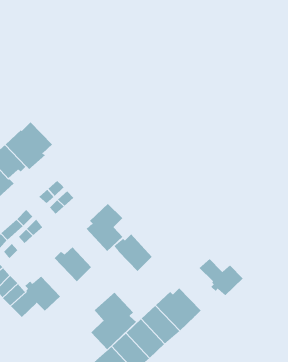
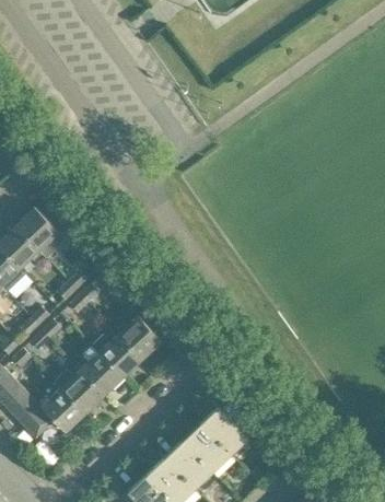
building: [113,234,152,272] -> [91,332,139,380]
building: [199,258,244,296] -> none
building: none -> [58,369,102,416]
building: [91,292,137,350] -> none

